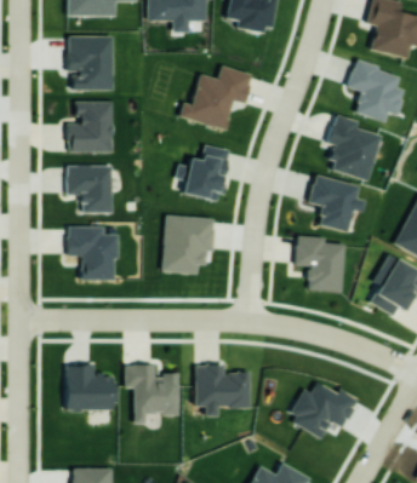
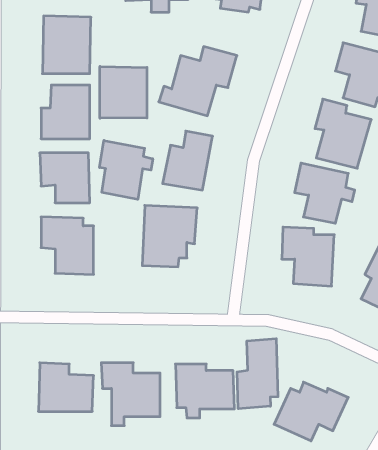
building: none -> [100,66,147,118]
building: none -> [100,140,153,199]
building: none -> [237,339,278,409]

